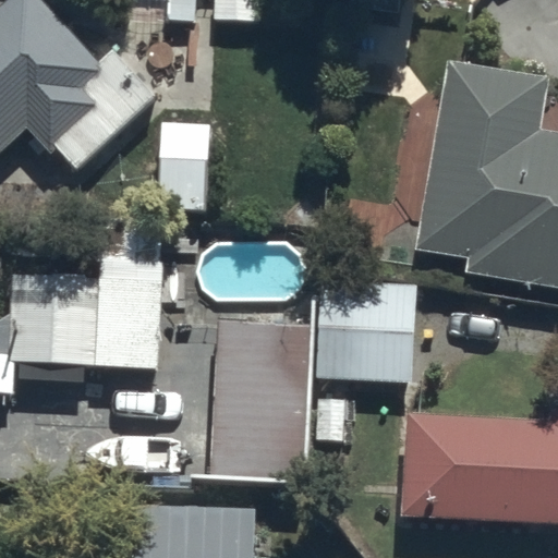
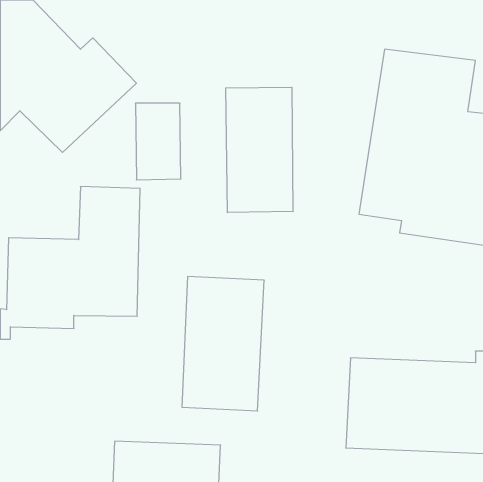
building: none -> [226,87,293,213]
building: [316,278,415,383] -> none

